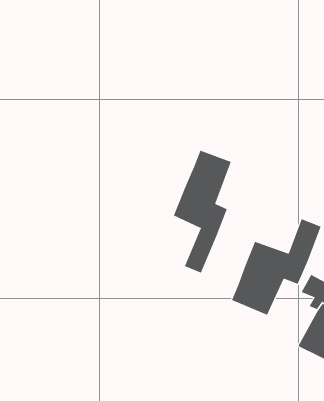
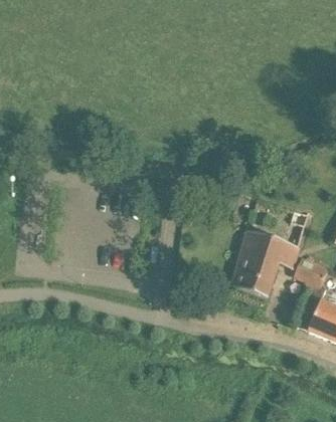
building: [173,150,231,274] -> none

